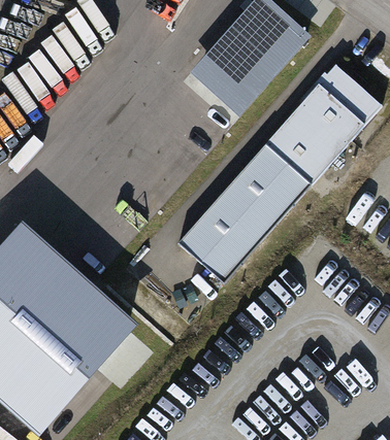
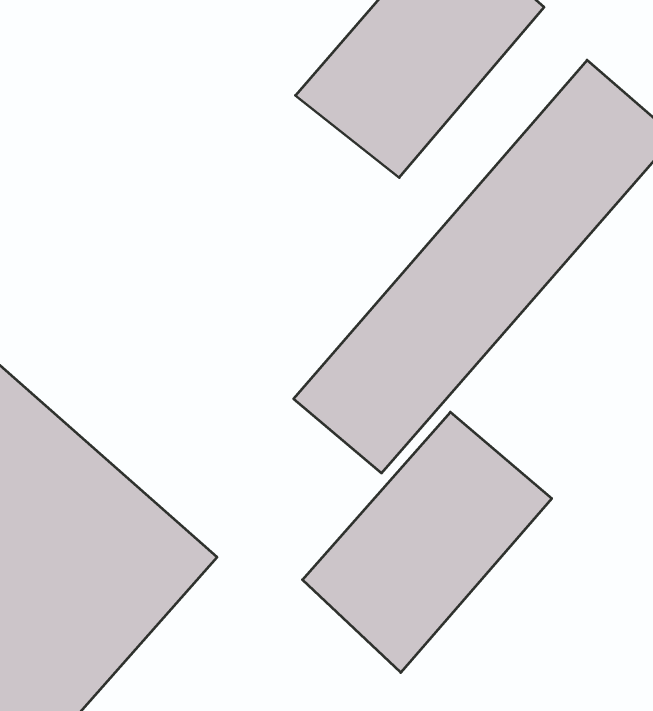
building: none -> [302,412,552,673]

